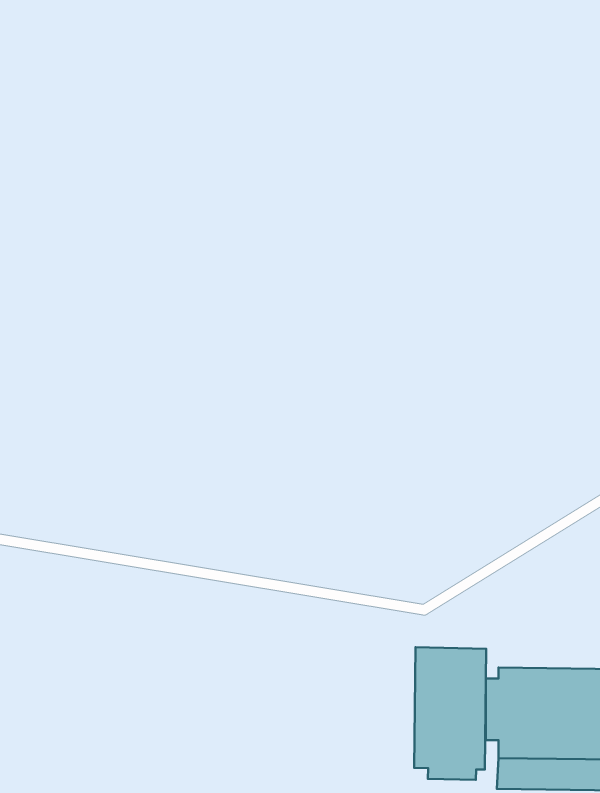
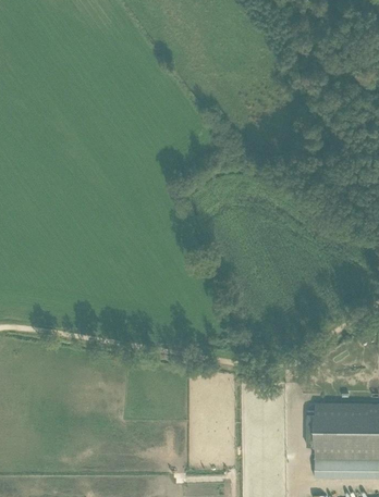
building: [414,647,486,780] -> none

